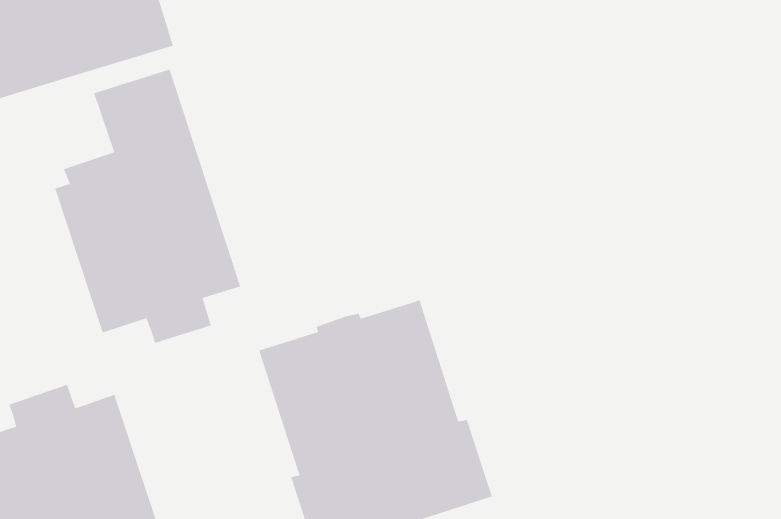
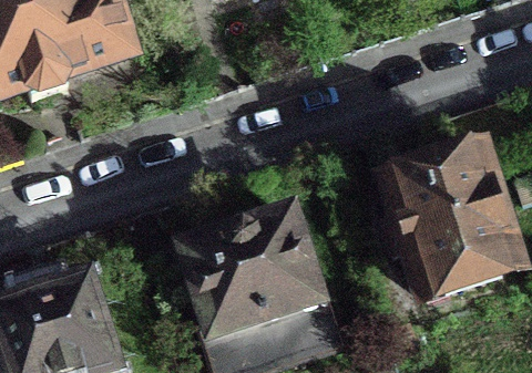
building: [54,68,241,344] -> none
building: none -> [382,162,519,298]

